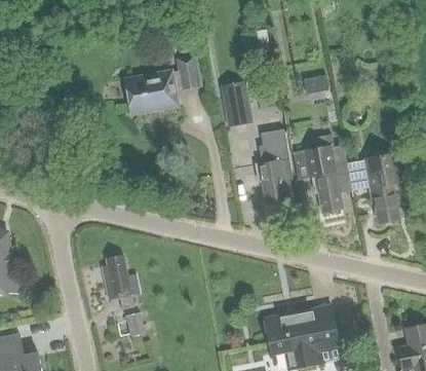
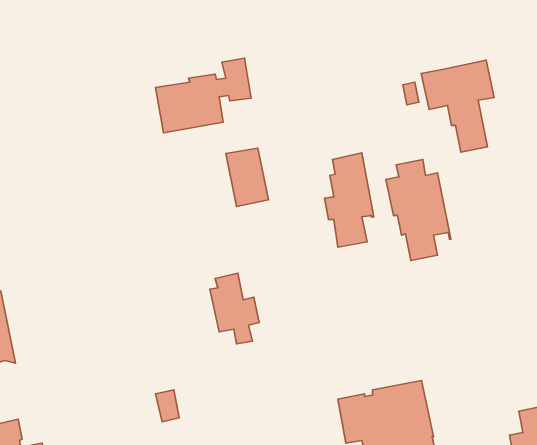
building: [219,81,251,126] -> [226,148,268,207]
building: [347,152,403,223] -> [421,60,494,152]
building: [101,255,139,309] -> [210,273,259,344]

